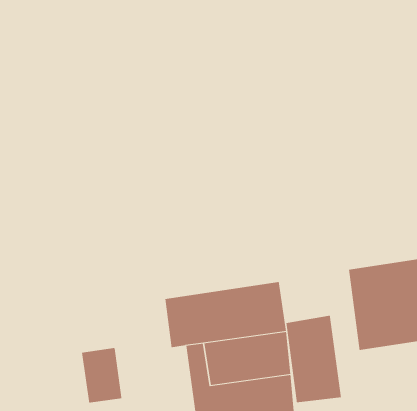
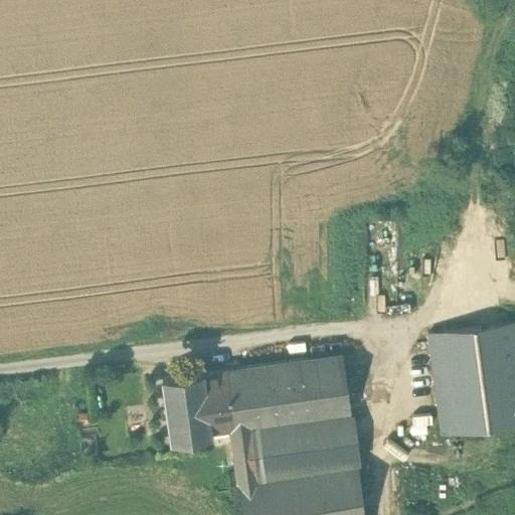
building: [286,315,342,403] -> none
building: [81,348,122,403] -> [161,375,211,444]

